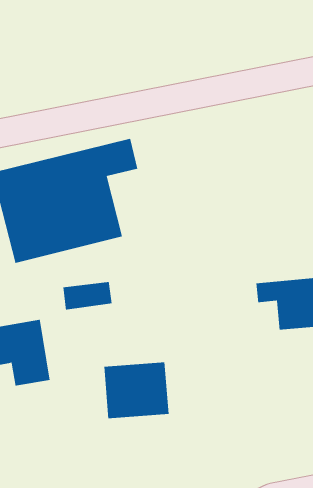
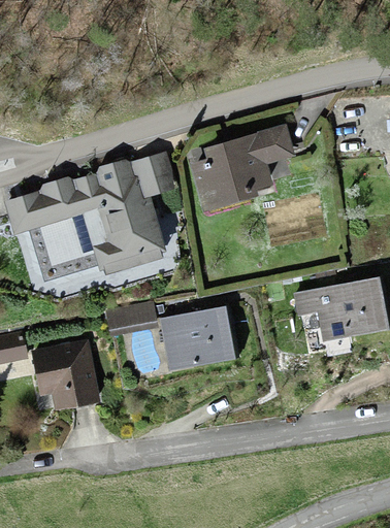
building: none -> [193,128,290,208]
building: [104,362,169,419] -> [161,309,229,369]

